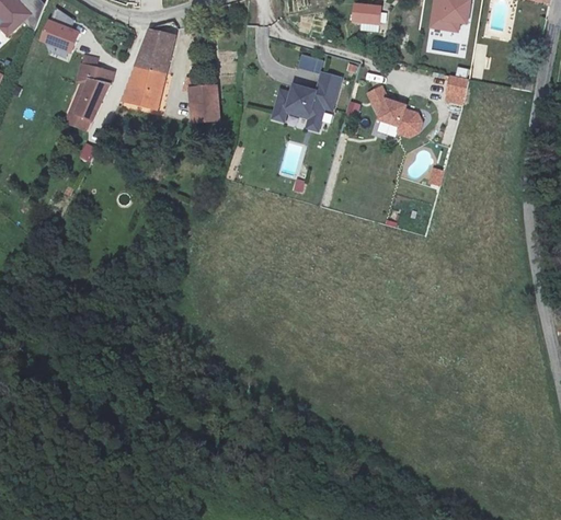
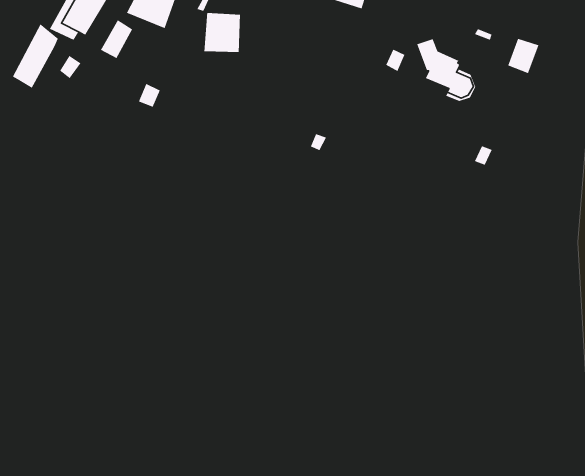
building: [270,72,343,134] -> none
building: none -> [100,19,133,59]
building: none -> [12,23,59,89]

